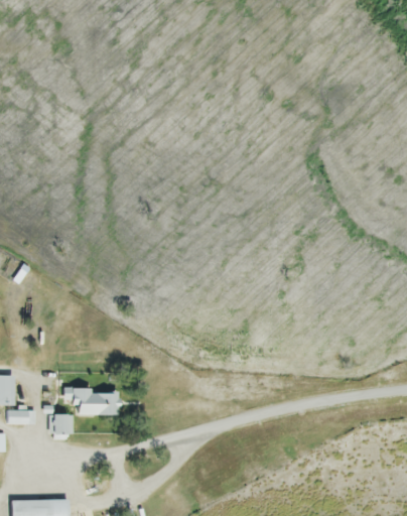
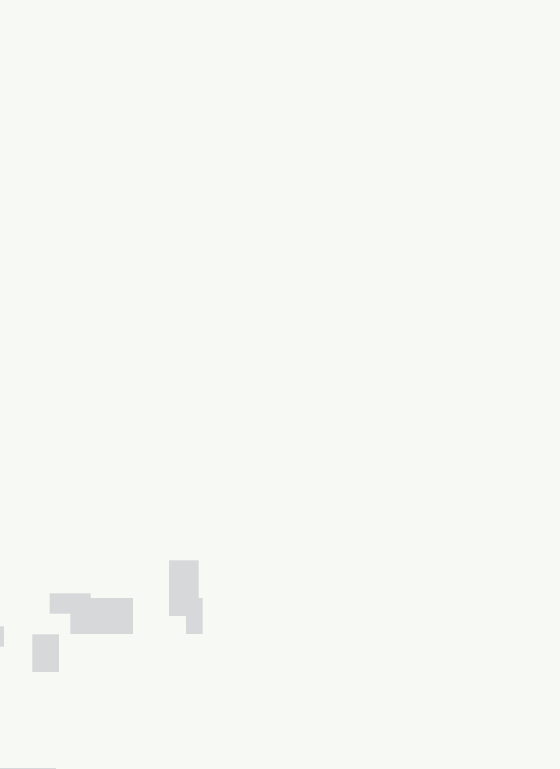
building: none -> [168,560,203,635]

